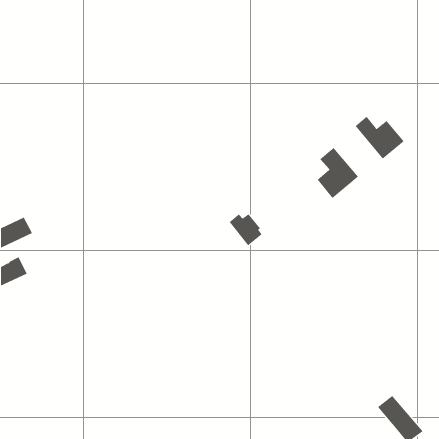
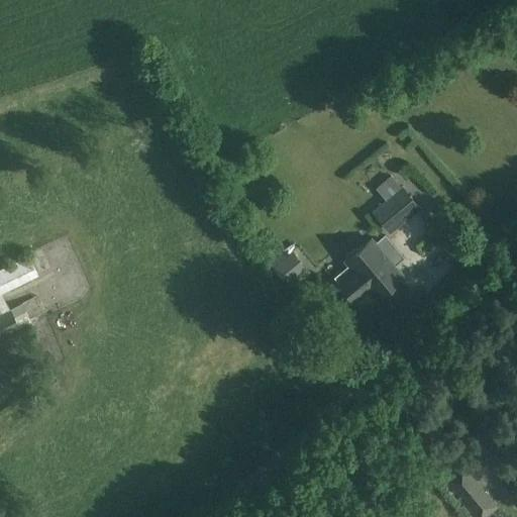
building: [355,116,405,160] -> none
building: none -> [338,241,403,303]

